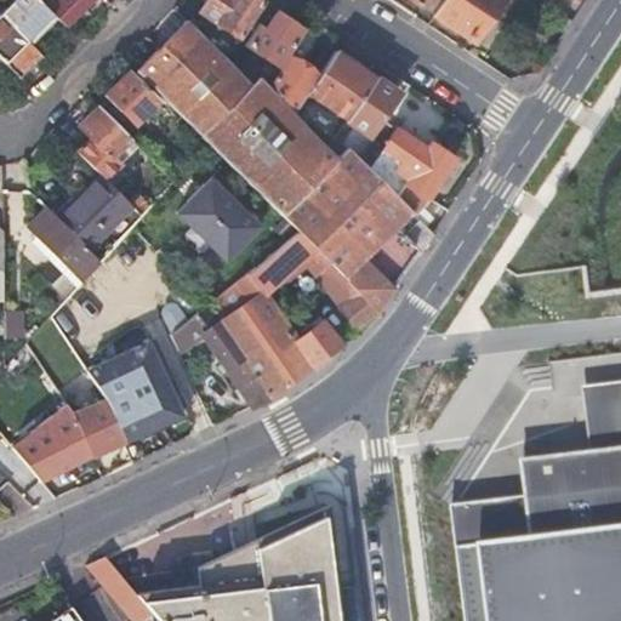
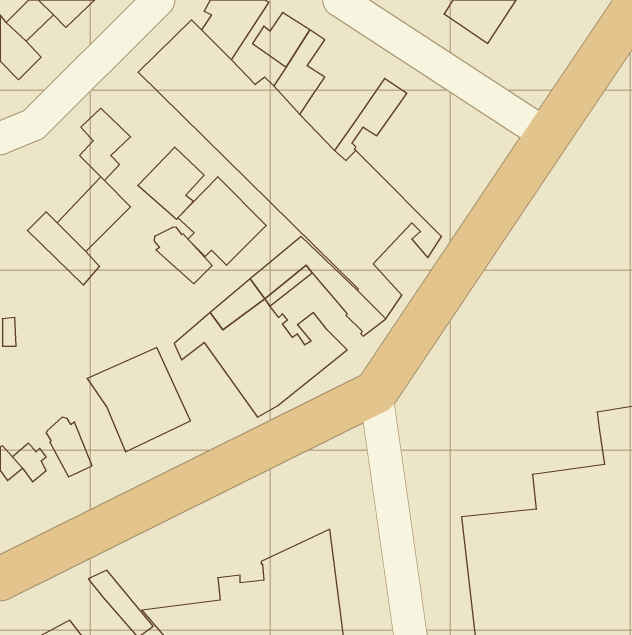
building: [308,51,378,120] -> none
building: [109,70,163,127] -> none
building: [360,126,456,211] -> none
building: none -> [138,147,204,219]
building: none -> [154,227,212,284]
building: [75,397,126,456] -> none

